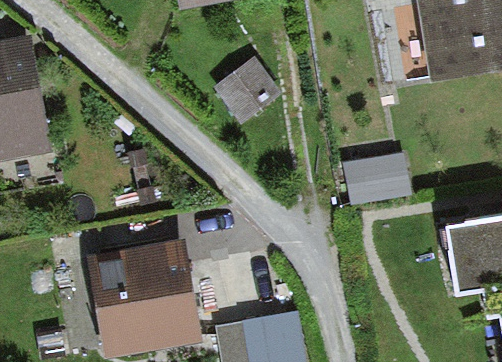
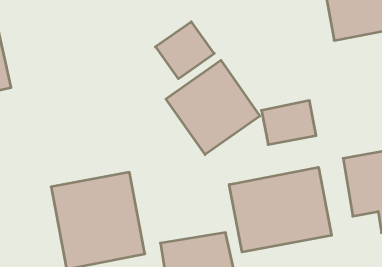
building: none -> [166,60,260,155]
building: none -> [229,167,332,252]

